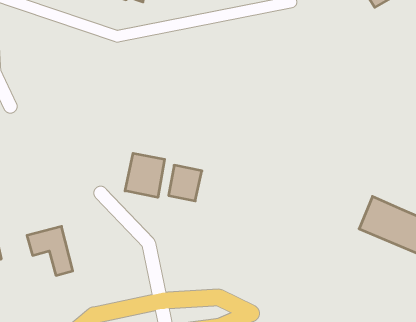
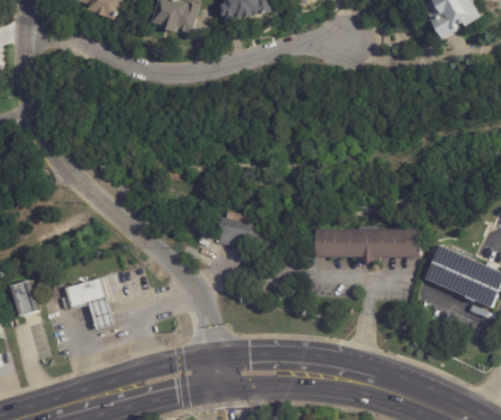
building: [125,153,165,197] -> none
building: none -> [316,228,419,258]

